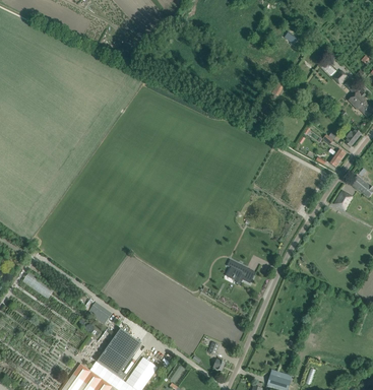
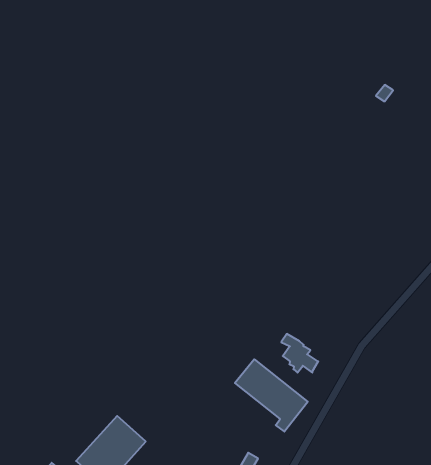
building: none -> [235,359,308,432]

